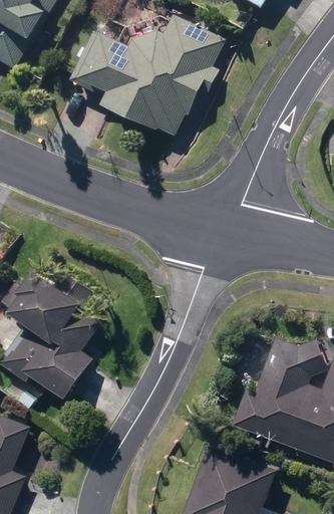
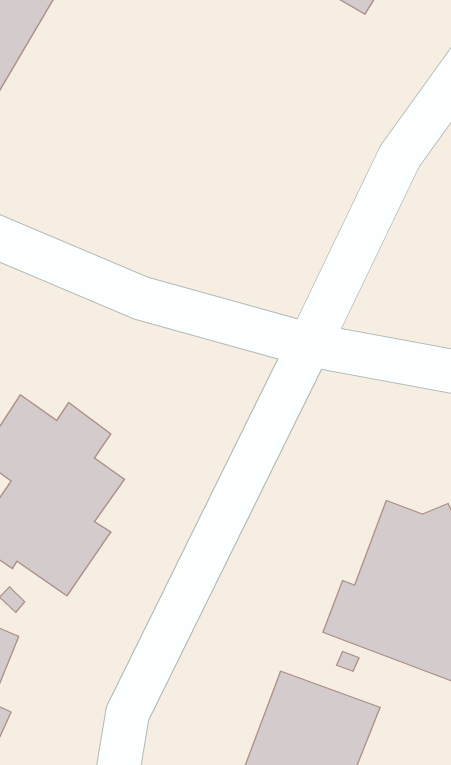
building: [68,19,224,140] -> none

